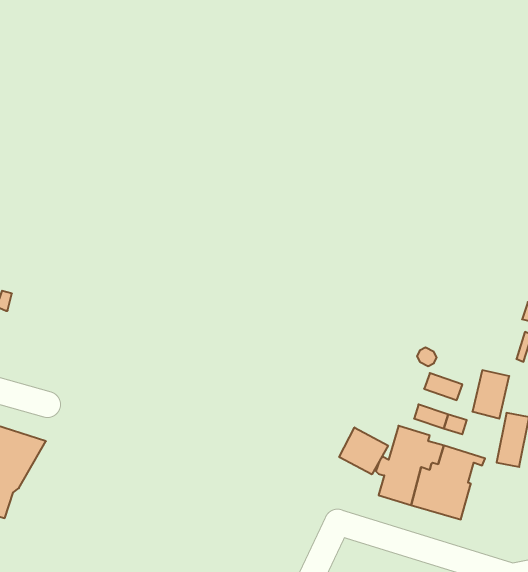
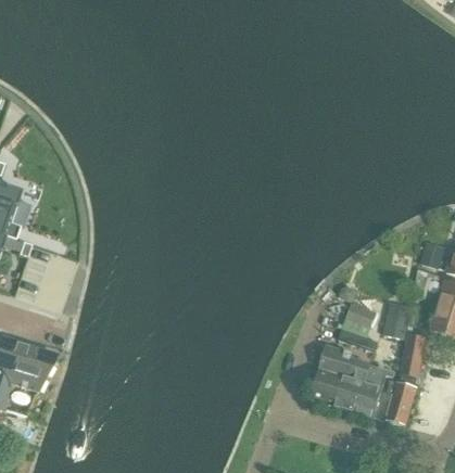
building: [339,427,388,474] -> none
building: none -> [375,379,417,424]

